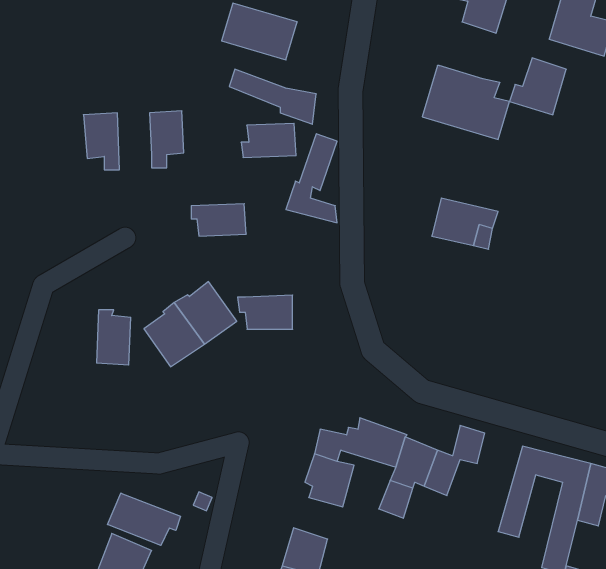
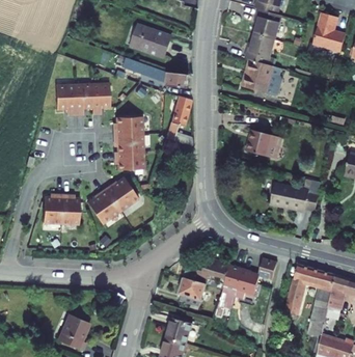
building: [509,58,566,115] -> [250,34,281,65]
building: none -> [74,84,92,115]
building: [241,123,296,157] -> [113,116,143,135]
building: none -> [271,183,318,212]
building: [238,295,293,329] -> [114,150,144,169]
building: none -> [45,192,63,221]
building: [108,493,181,545] -> none

